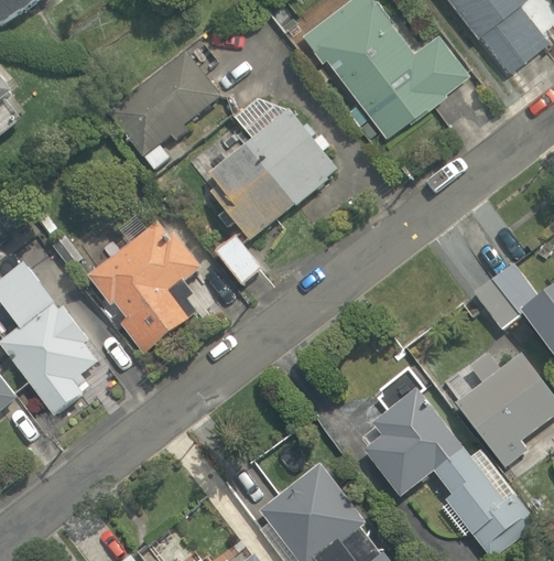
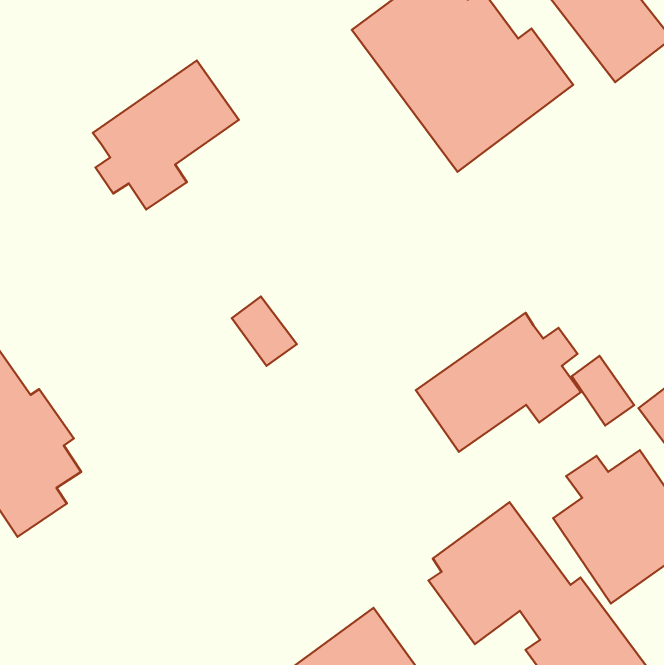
building: [205,88,335,242] -> none
building: [85,217,199,349] -> none
building: none -> [416,313,581,452]

